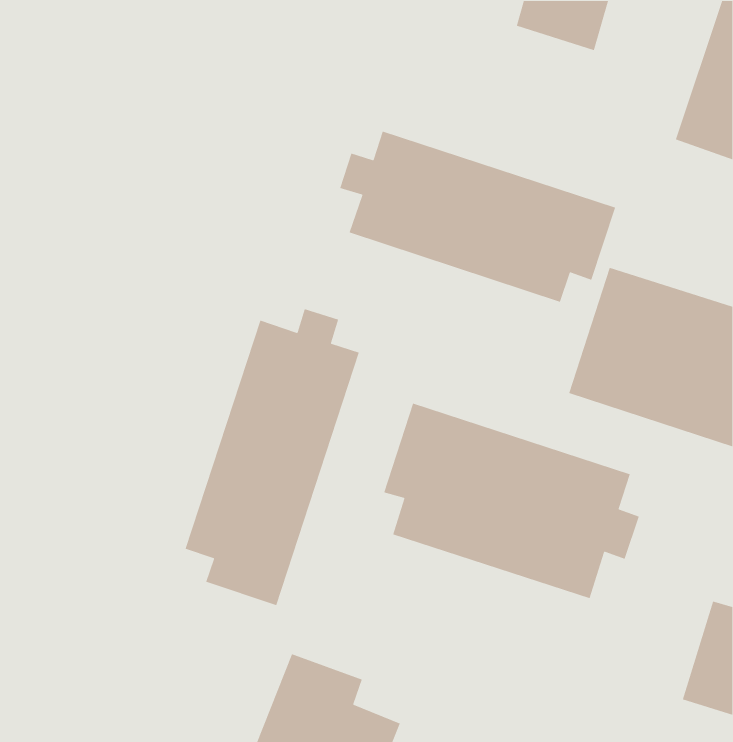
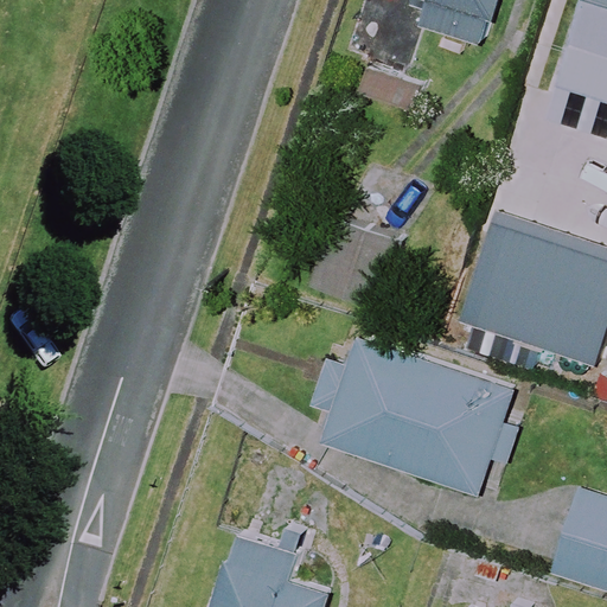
building: [339,131,616,303] -> none
building: [184,308,360,606] -> none

